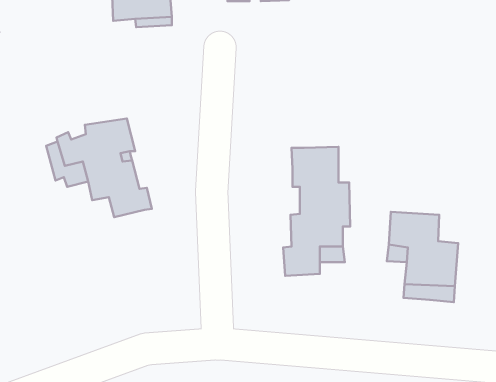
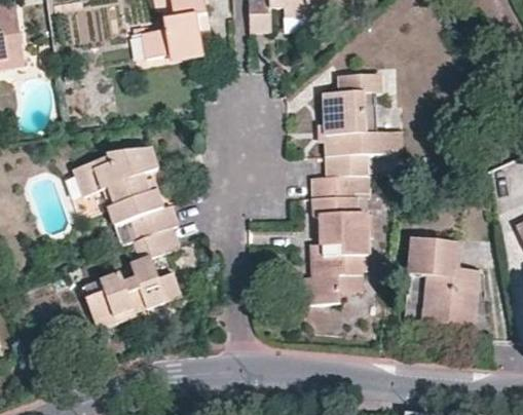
building: none -> [324,73,404,176]
building: none -> [77,236,175,327]

